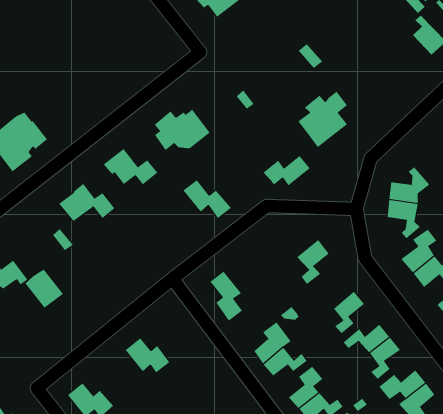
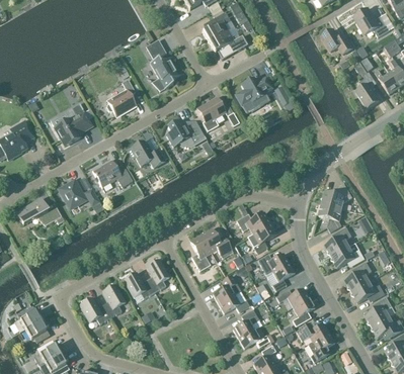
building: none -> [145,43,182,90]
building: none -> [106,78,135,115]
building: none -> [197,98,224,131]
building: [298,91,348,148] -> [235,76,271,113]
building: [263,155,310,186] -> [236,212,269,232]
building: [183,179,232,219] -> [200,228,233,258]
building: [24,269,64,308] -> [59,180,85,207]
building: none -> [257,252,289,275]
building: none -> [147,259,169,292]
building: none -> [102,284,125,316]

